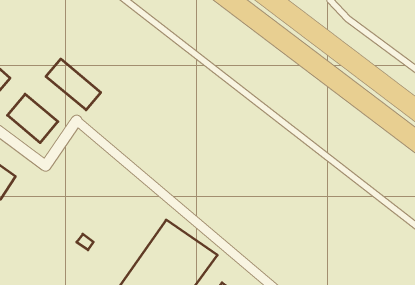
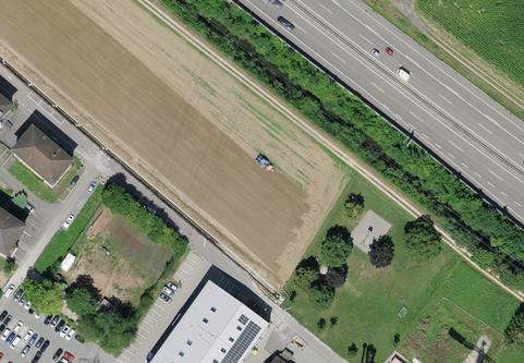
building: [46,59,101,110] -> none

